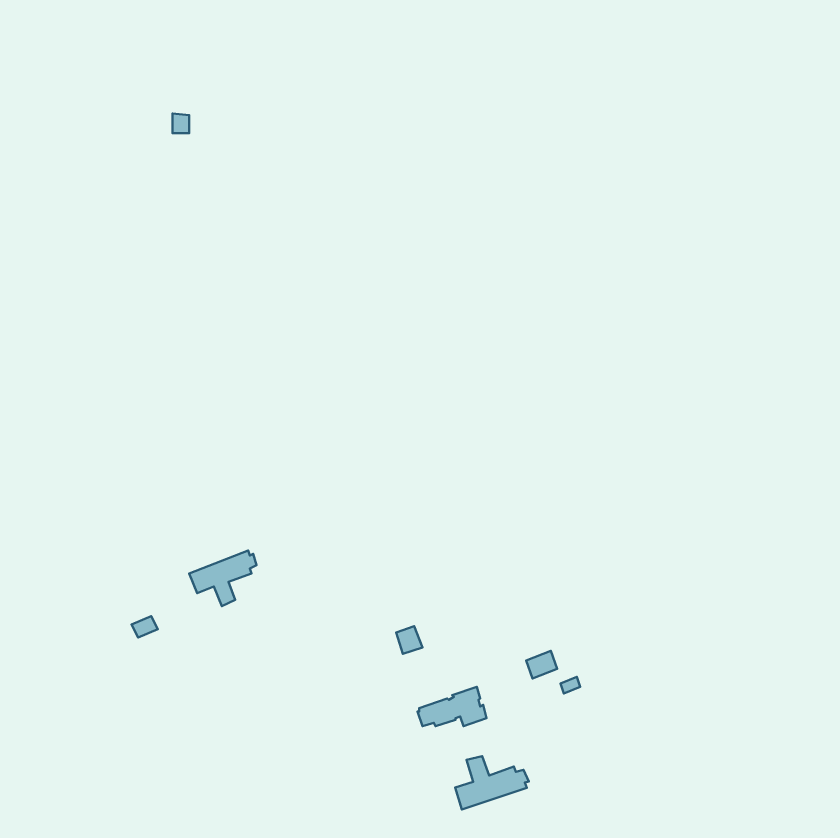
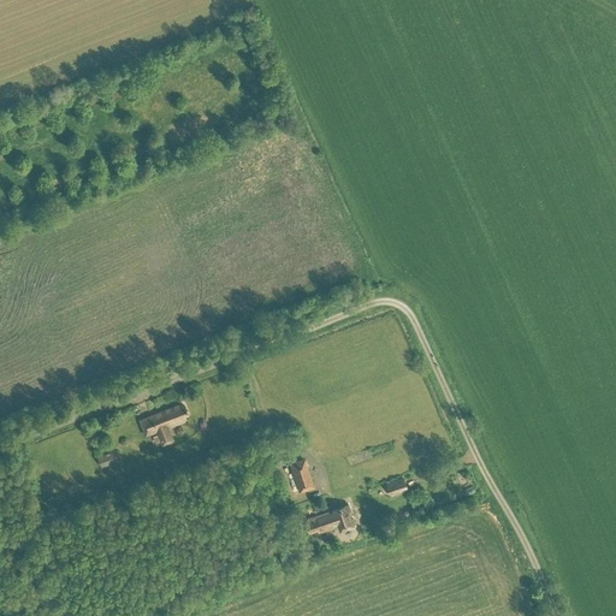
building: [455,756,529,809] -> none

